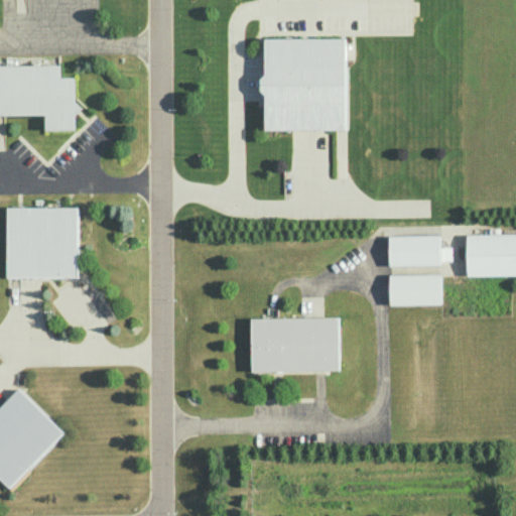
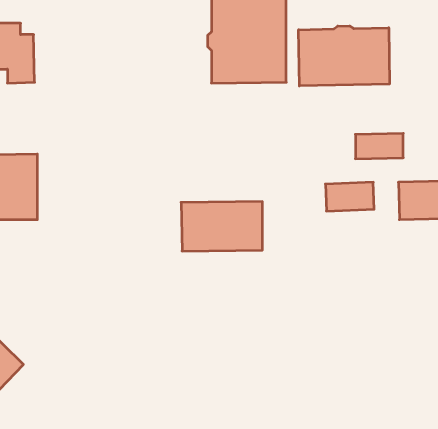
building: none -> [299,26,389,86]
building: [389,277,440,304] -> [355,133,403,159]
building: [251,318,339,372] -> [181,202,262,251]

